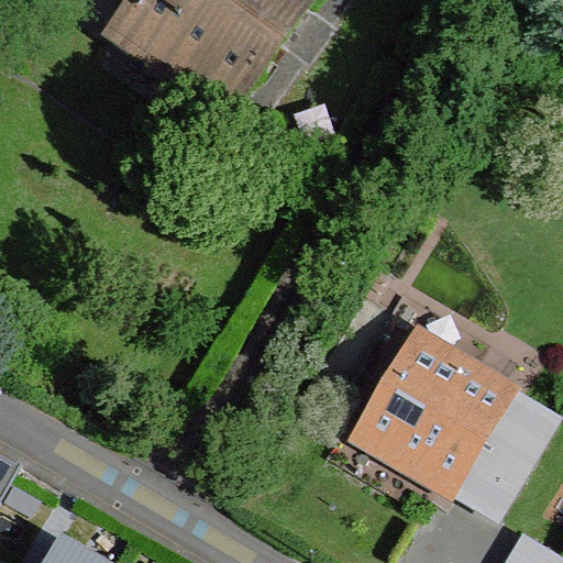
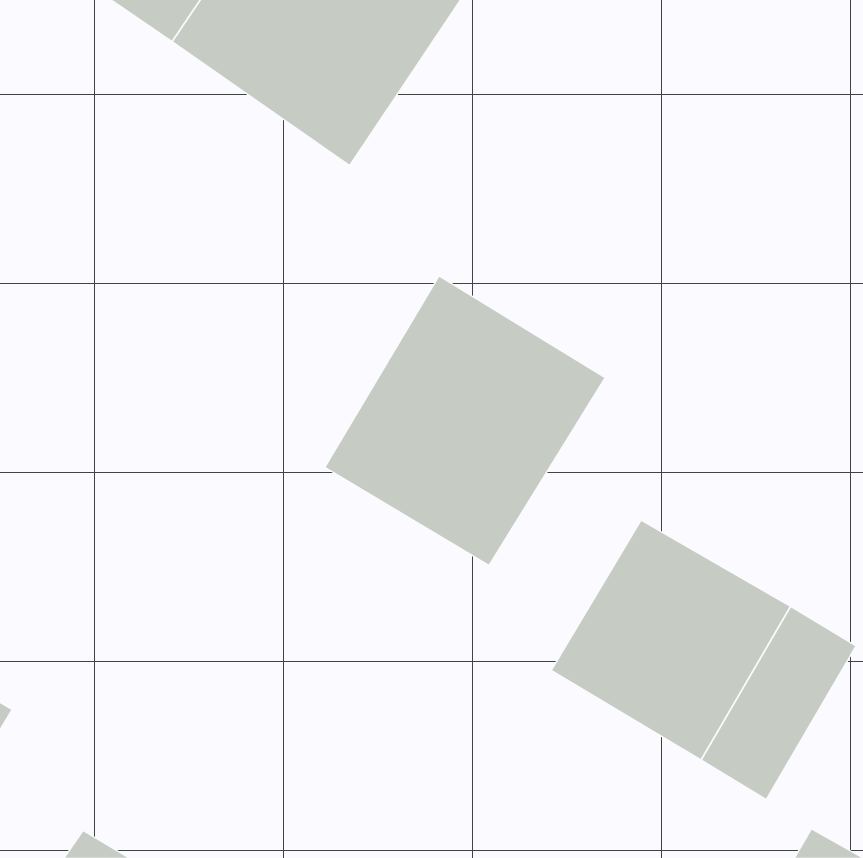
building: none -> [325,276,605,566]

